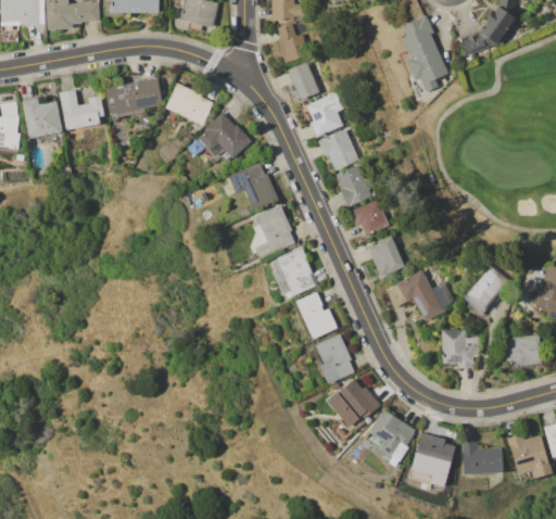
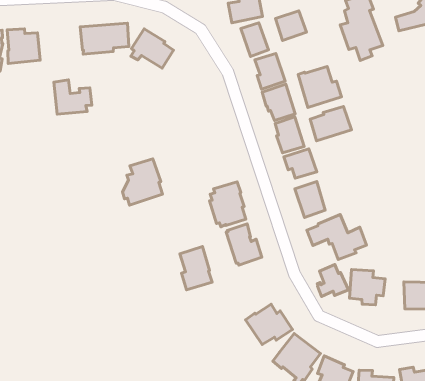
building: none -> [275,11,306,40]
building: [59,89,104,129] -> [54,80,92,114]
building: none -> [298,66,341,107]
building: [195,112,252,163] -> none
building: none -> [310,107,351,141]
building: [228,162,279,210] -> none
building: [250,204,295,260] -> [122,159,162,205]
building: [466,266,507,309] -> none
building: none -> [317,265,348,297]
building: [315,333,355,384] -> [180,247,212,290]

